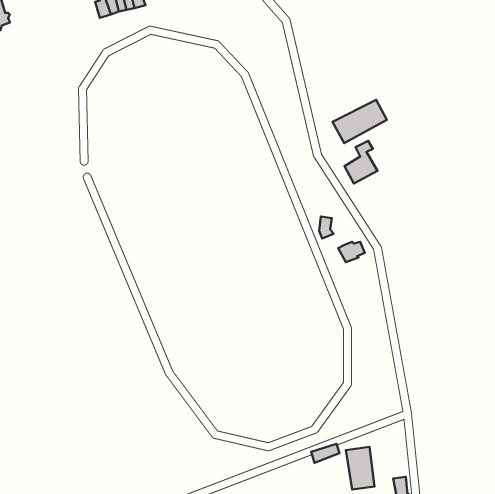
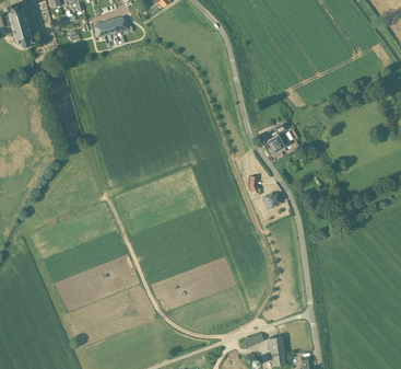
building: [333,100,387,143] -> none

